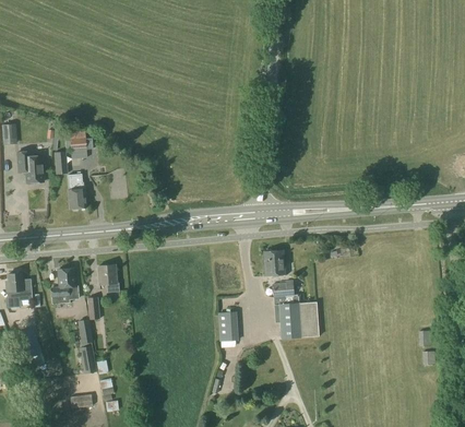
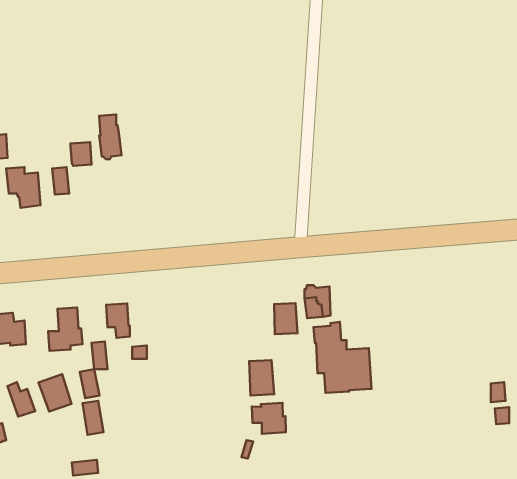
building: [68,174,86,211] -> [99,115,122,159]
building: none -> [274,303,297,334]
building: none -> [38,374,71,411]
building: none -> [252,403,286,434]

